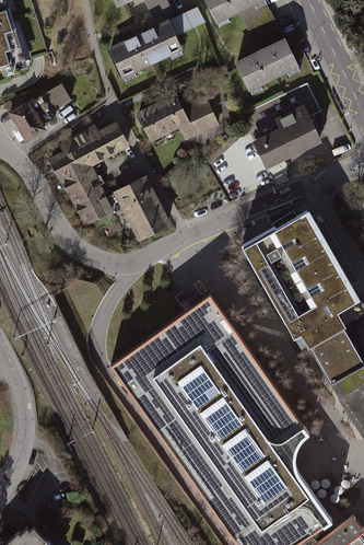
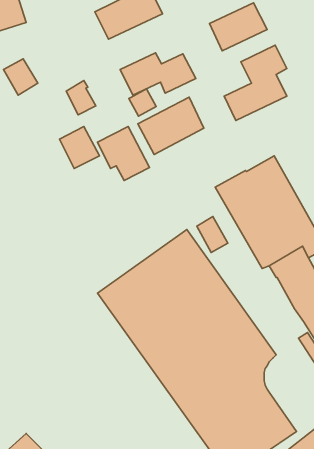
building: [40,86,71,115] -> none
building: [97,124,128,154] -> [129,89,156,116]
building: [51,138,95,192] -> none
building: none -> [138,97,204,155]
building: none -> [197,216,228,252]

